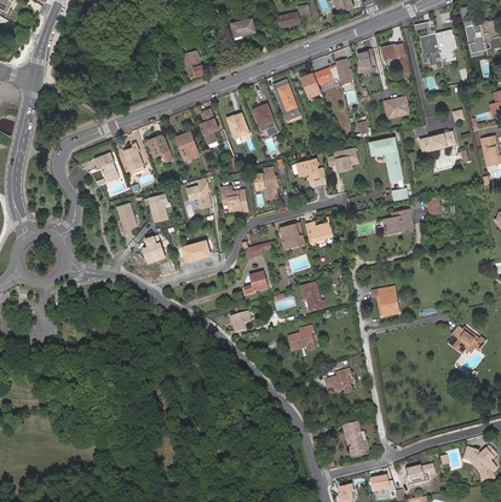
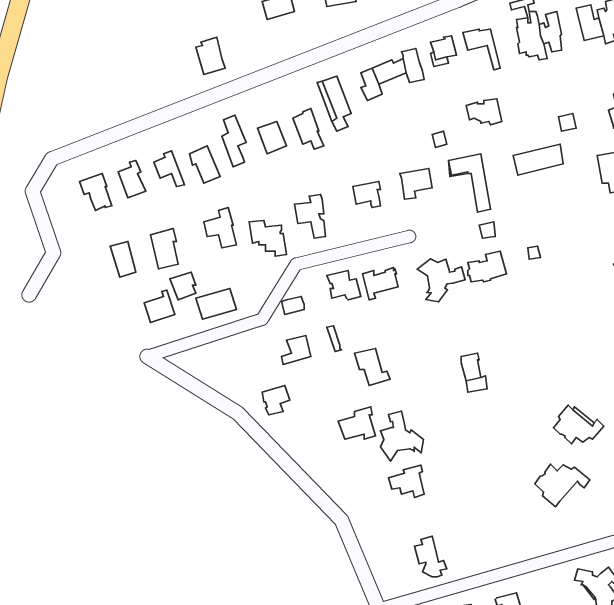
building: none -> [417,259,465,302]
building: none -> [380,411,424,461]
building: none -> [535,464,590,507]

